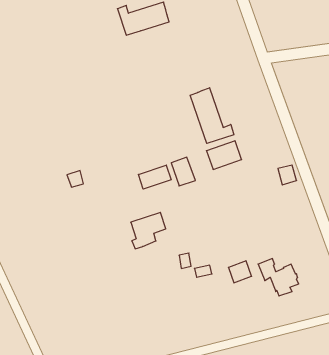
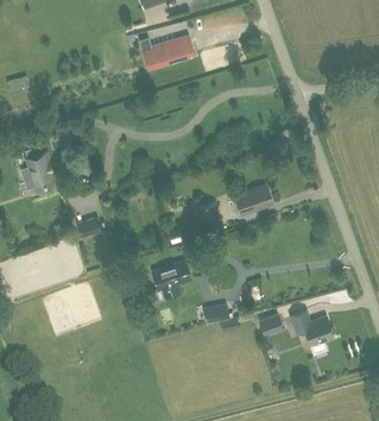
building: [190,88,234,143] -> none
building: none -> [20,146,56,193]
building: [138,165,171,189] -> none

